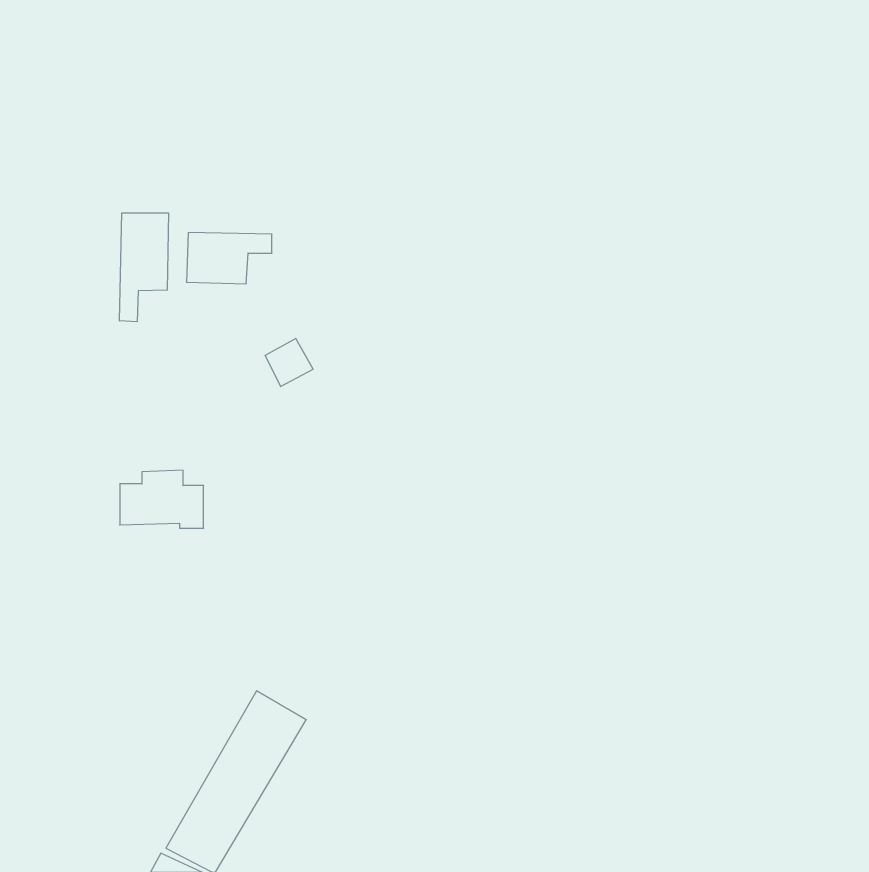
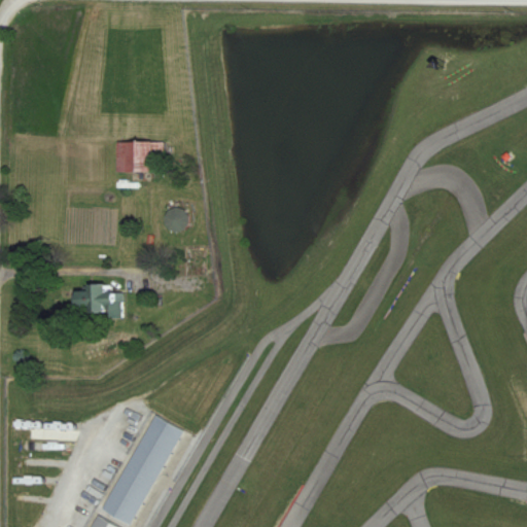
building: [120,213,168,322] -> none

